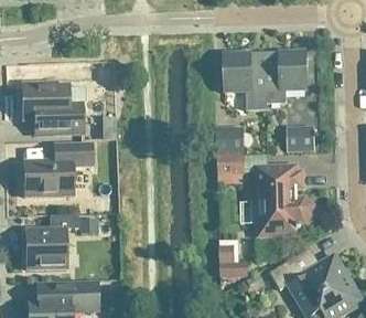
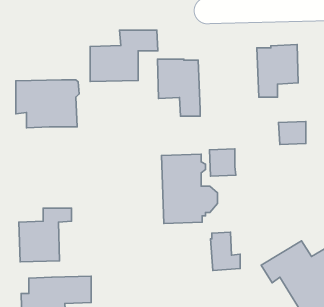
building: [224,51,267,108] -> [158,59,200,116]
building: [217,127,244,152] -> none
building: [24,142,93,194] -> [90,30,158,82]
building: [257,165,313,234] -> [162,154,217,223]

